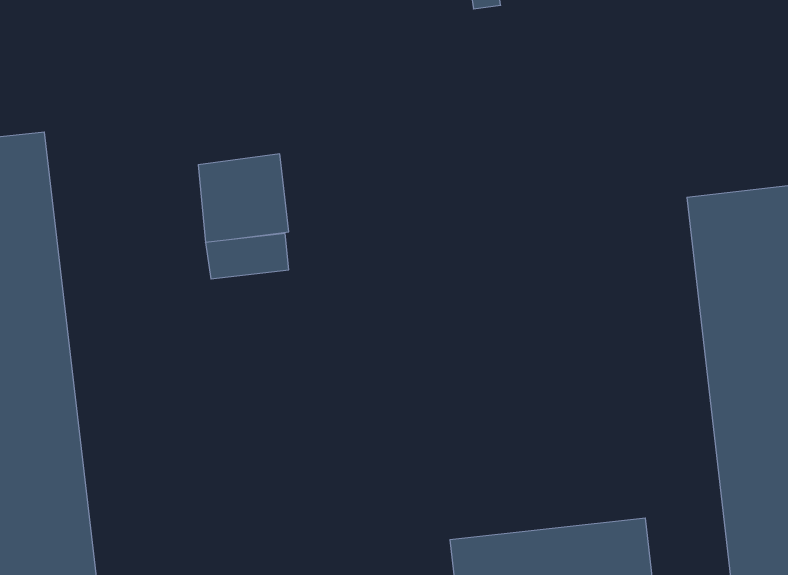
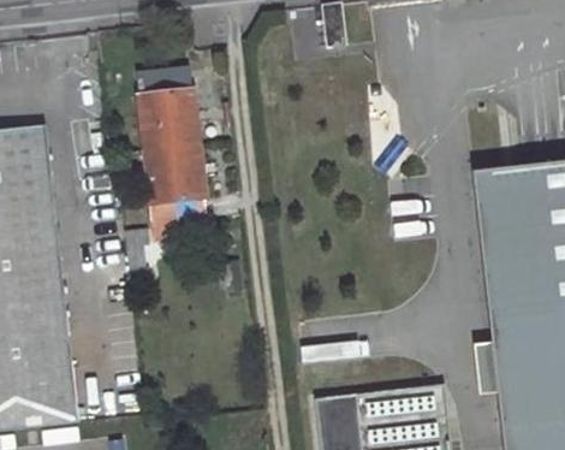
building: none -> [137,64,200,147]

